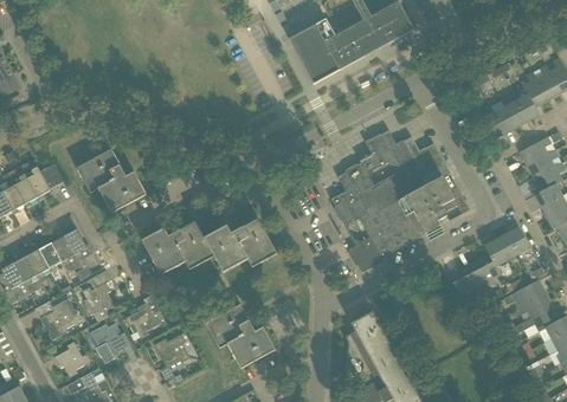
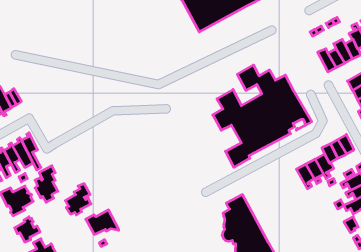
building: [76,148,146,213] -> none
building: [141,218,277,274] -> none
building: [206,304,275,368] -> none
building: [91,323,123,363] -> none

